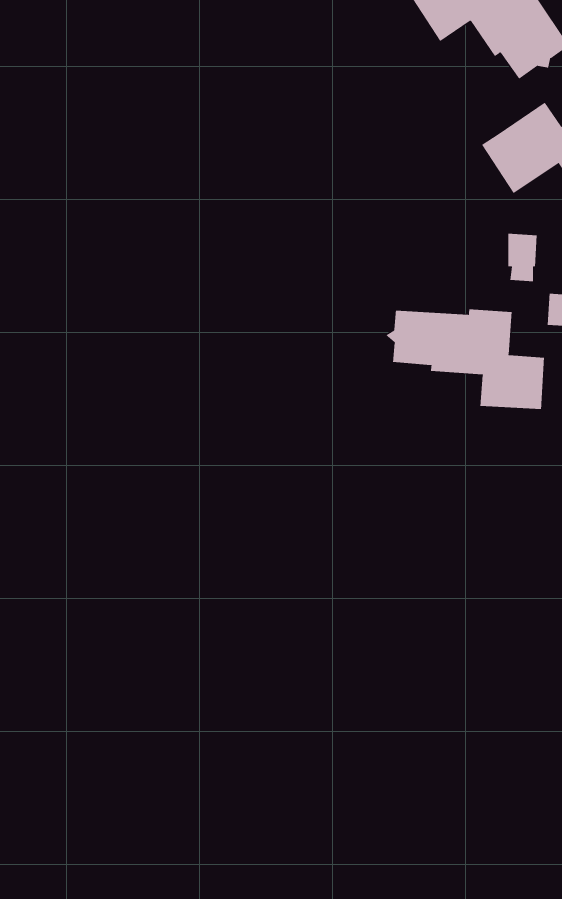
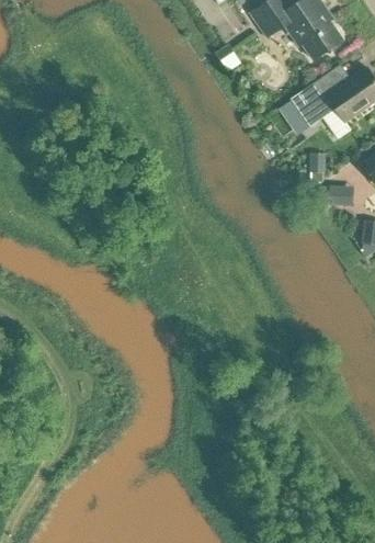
building: [385,308,545,410] -> none

